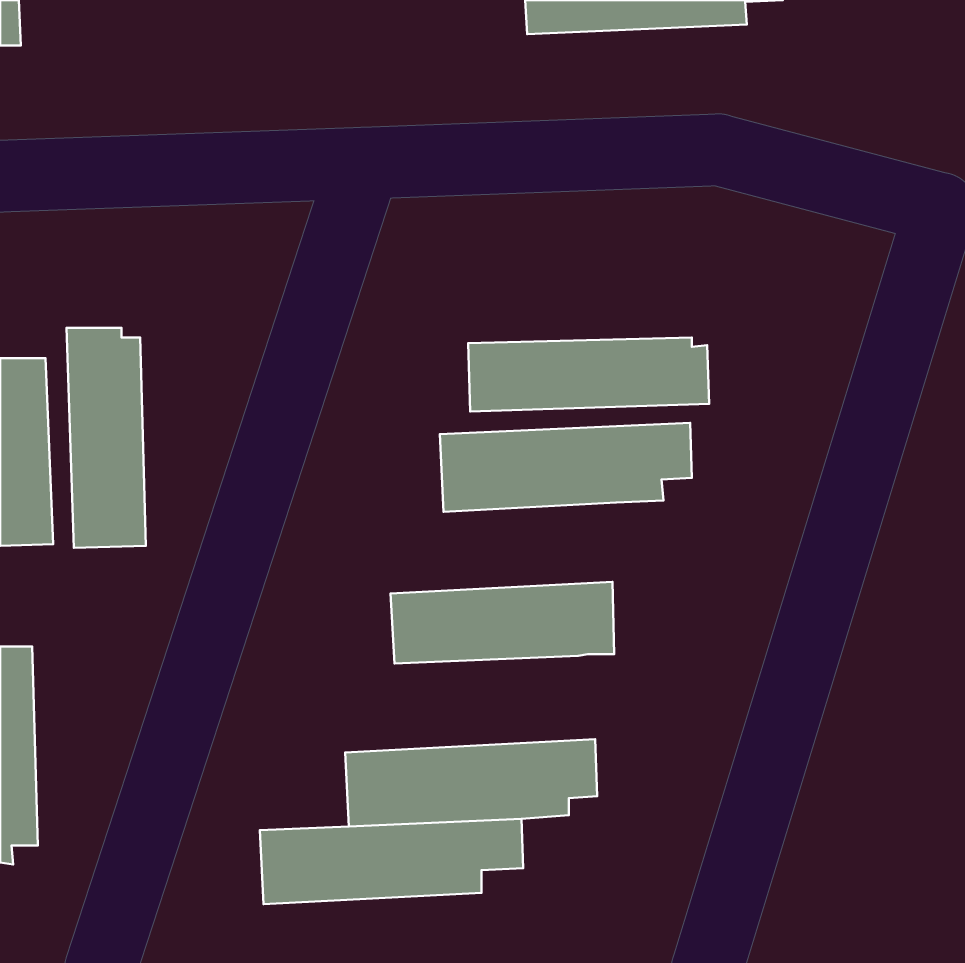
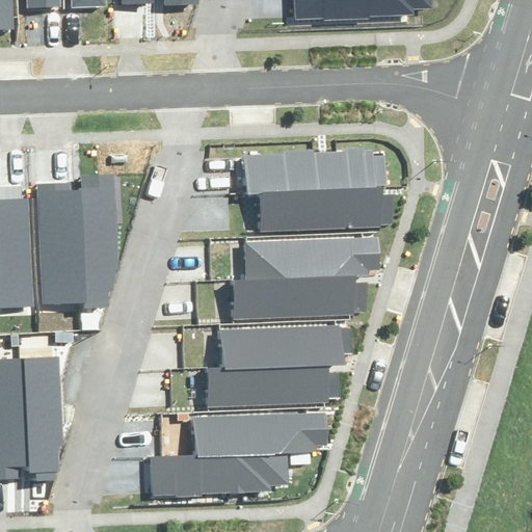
building: none -> [243,151,381,192]
building: none -> [79,174,117,302]
building: none -> [233,277,368,317]
building: none -> [20,357,59,477]
building: none -> [203,362,326,407]

